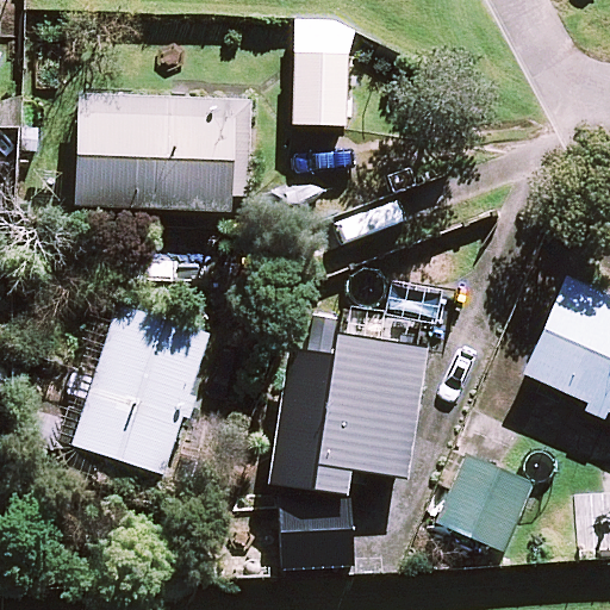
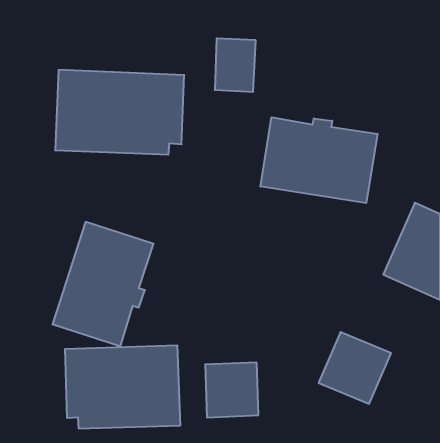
building: none -> [260,117,377,203]
building: [270,332,427,492] -> none
building: none -> [65,345,180,429]

